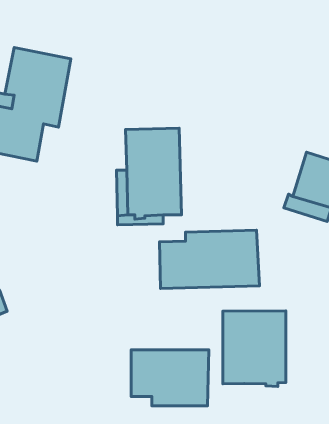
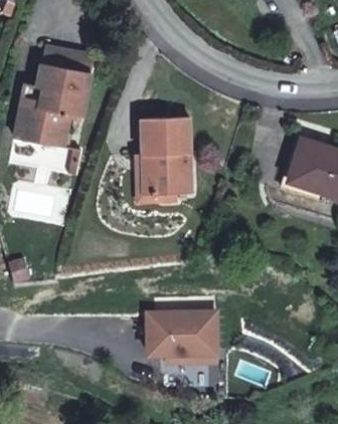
building: [159,230,260,288] -> none
building: [223,311,286,387] -> none

